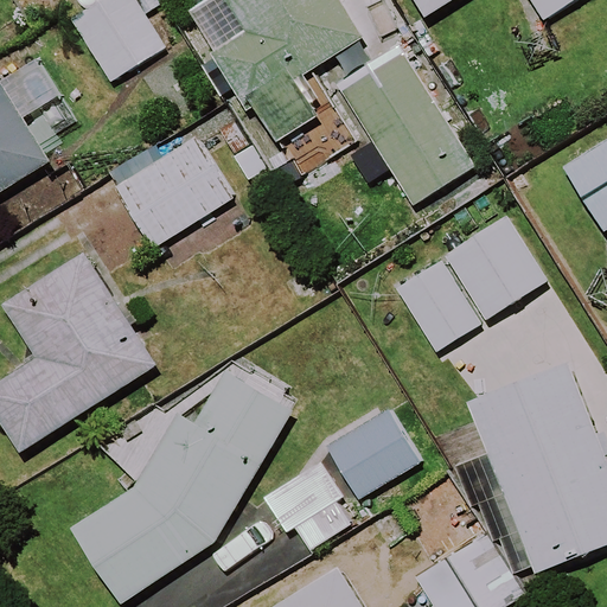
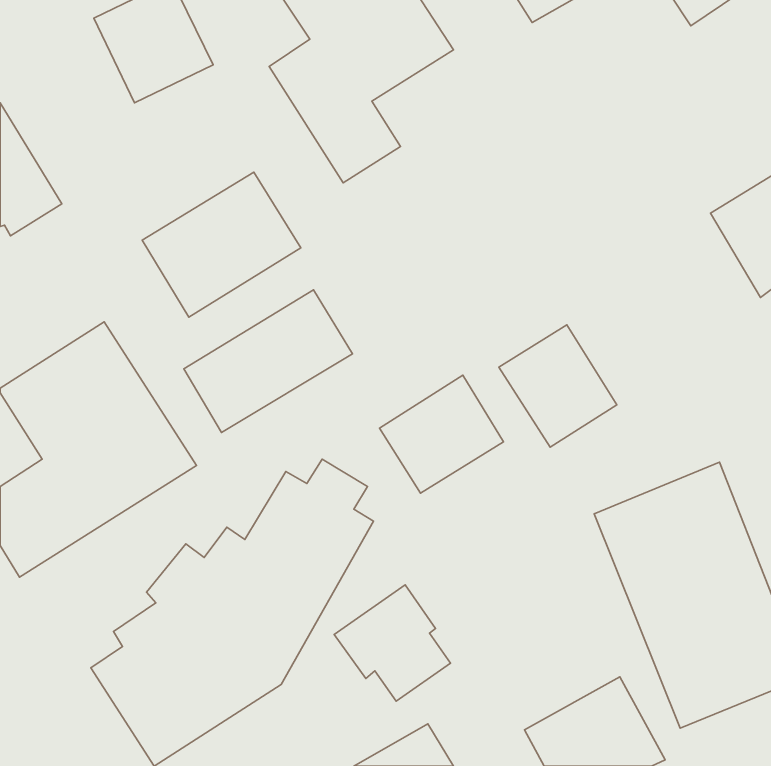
building: [339,49,473,204] -> none
building: [446,217,545,318] -> none
building: none -> [184,290,352,432]
building: [327,404,424,497] -> [380,375,504,493]

